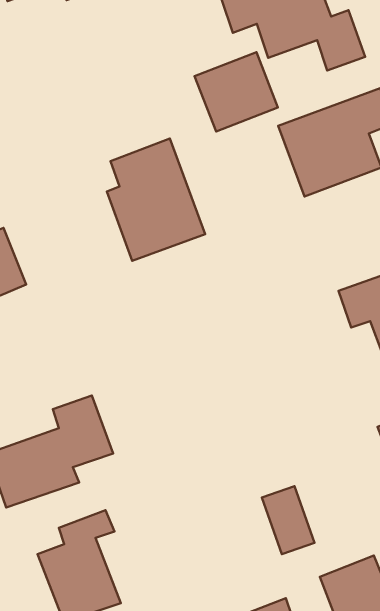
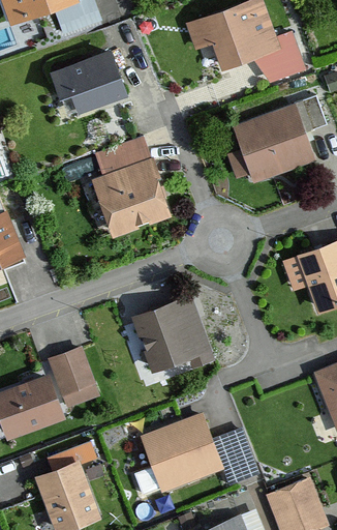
building: [195,52,278,131] -> [62,49,130,114]
building: none -> [131,296,210,372]
building: none -> [141,415,221,493]

